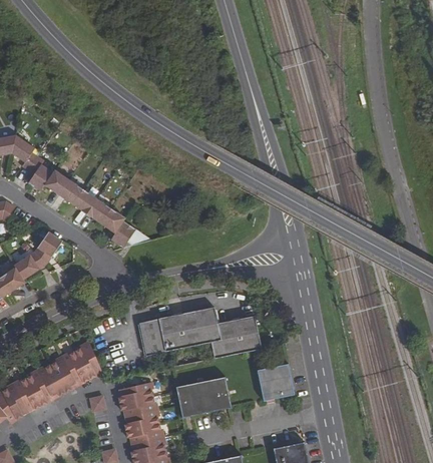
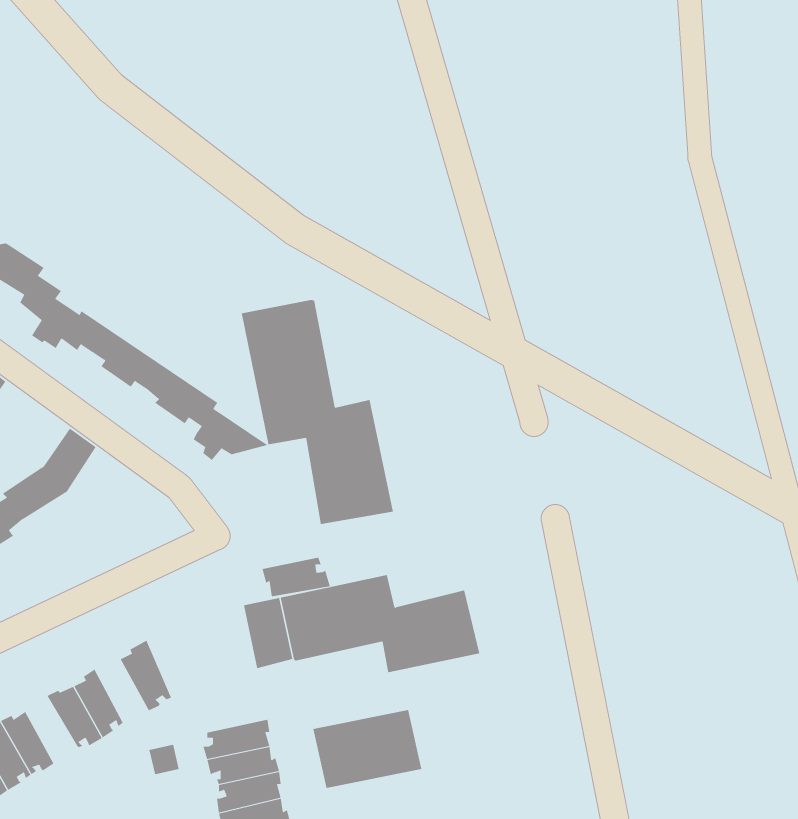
building: none -> [241,299,394,525]
building: none -> [262,557,330,597]
building: [61,351,89,384] -> none
building: [257,364,295,400] -> none
building: [25,370,52,405] -> none

